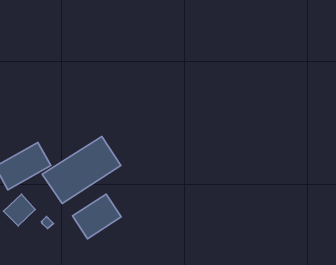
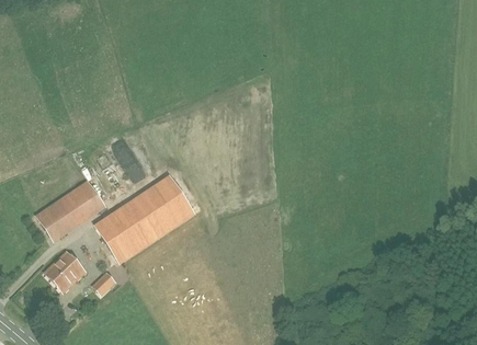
building: [72,194,121,239] -> none

